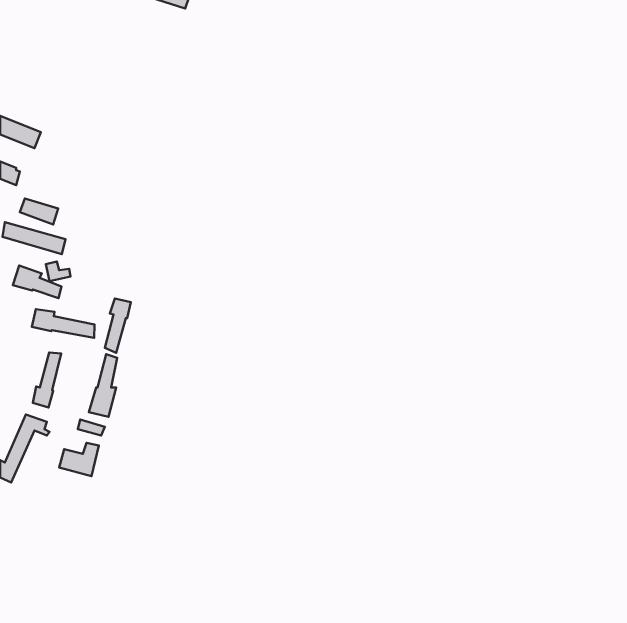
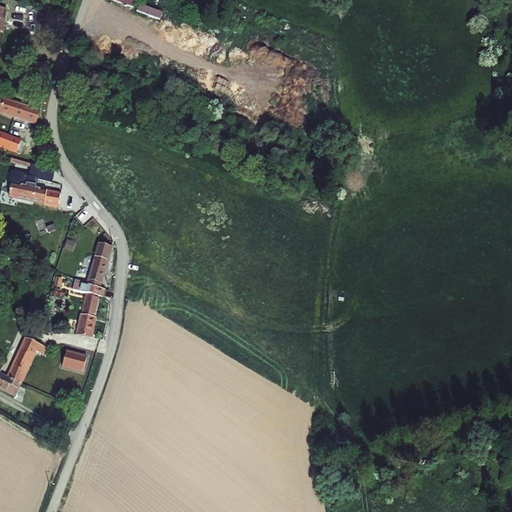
building: [13,265,61,298] -> none
building: [32,309,94,338] -> none
building: [33,352,61,407] -> none

